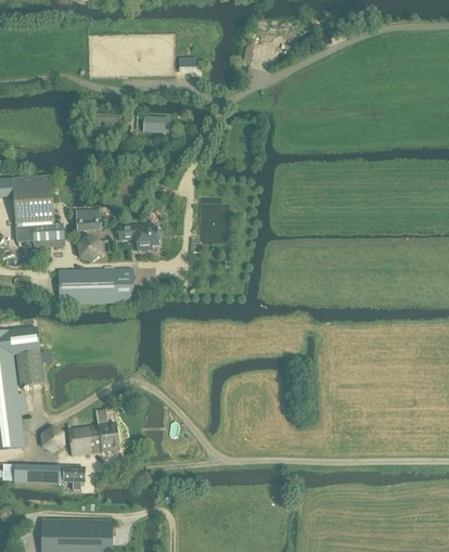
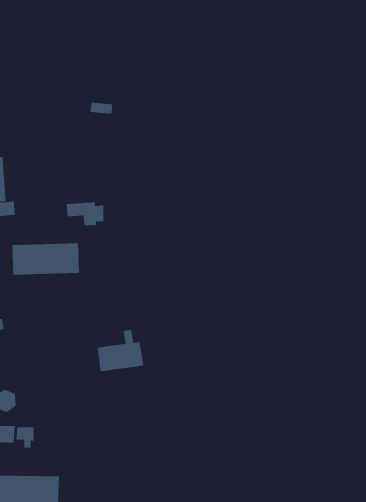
building: [75,208,101,230] -> none
building: [76,235,101,261] -> none
building: [67,409,118,454] -> [97,329,144,372]

